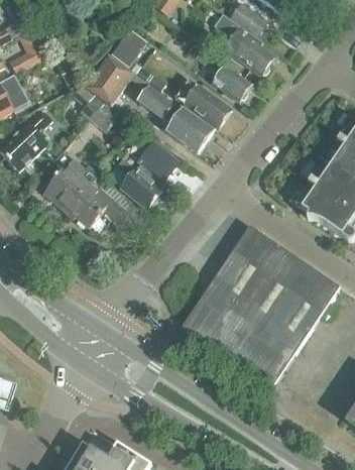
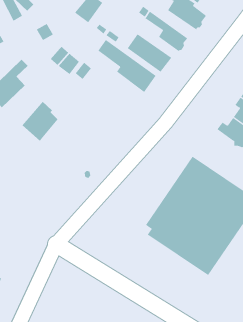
building: [86,52,134,103] -> none
building: [136,139,174,175] -> none
building: [120,160,160,207] -> none
building: [69,184,141,230] -> none

